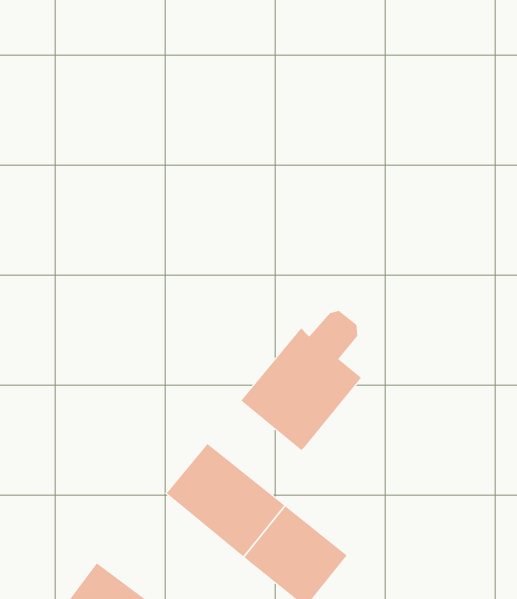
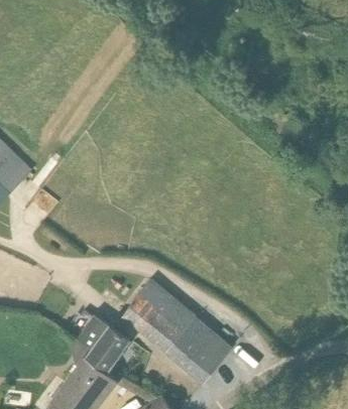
building: [240,310,362,451] -> none
building: none -> [78,313,130,371]

